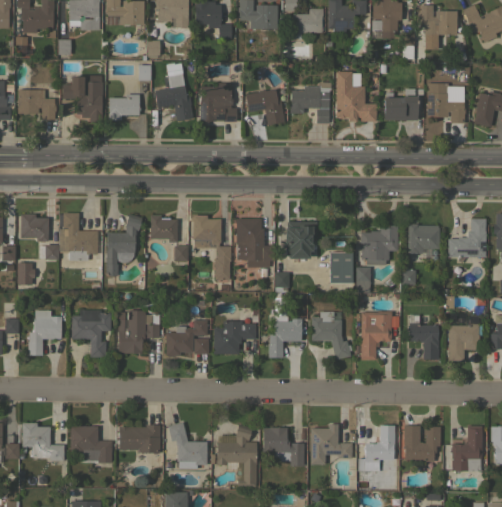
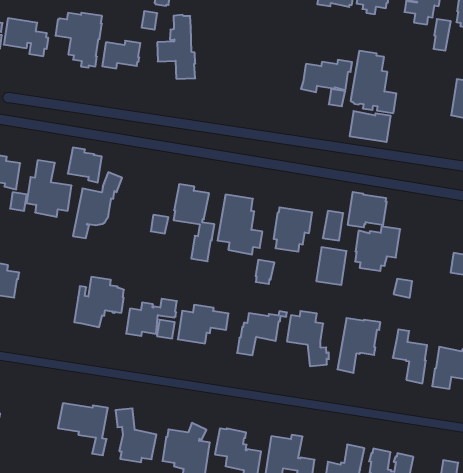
building: [201,83,237,123] -> none
building: [246,89,285,125] -> none
building: [384,96,418,120] -> [350,111,391,142]
building: [150,215,178,243] -> [68,148,102,183]
building: [408,224,440,254] -> [348,192,387,227]
building: [356,267,371,292] -> [323,211,343,241]
building: [72,310,112,357] -> none
building: [71,426,112,463] -> none

